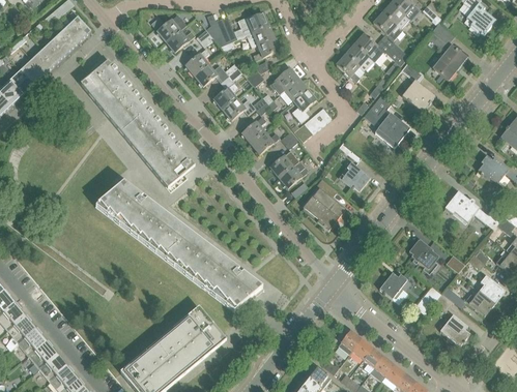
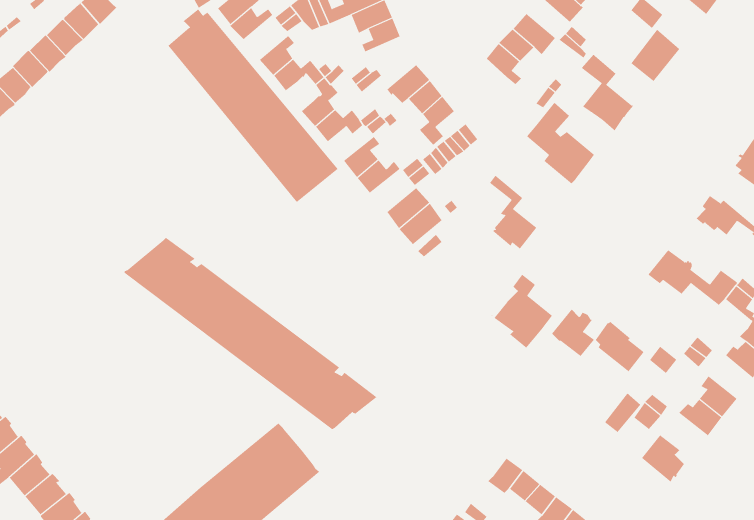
building: [81,59,195,188] -> [167,9,338,203]
building: [305,181,346,231] -> [491,274,553,349]
building: [379,272,408,304] -> [551,309,595,357]

